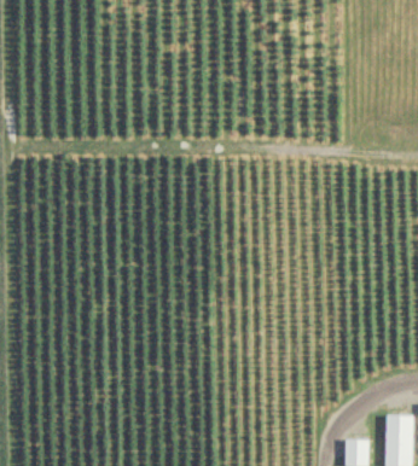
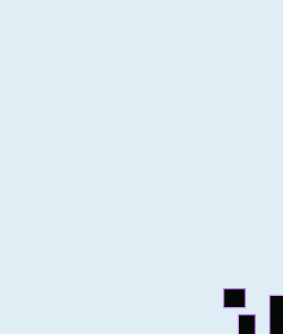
building: none -> [224,289,245,308]

